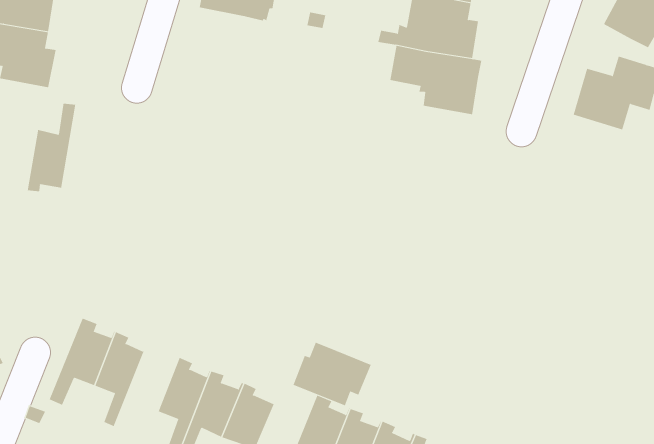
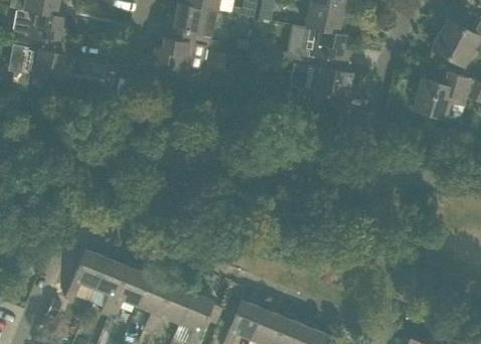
building: none -> [150,37,207,81]
building: [27,103,76,192] -> none
building: [292,342,371,406] -> none
building: none -> [108,261,151,319]

